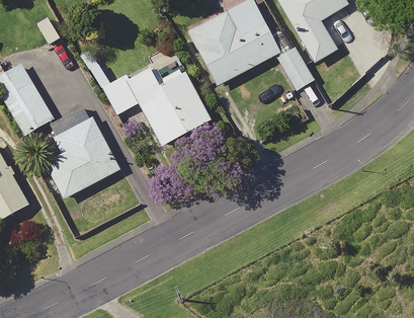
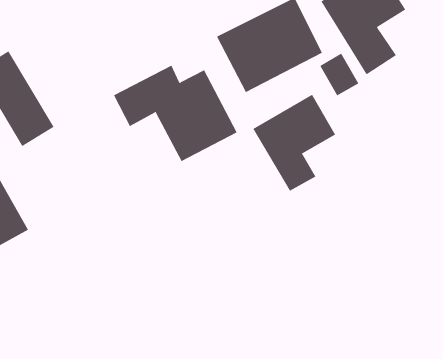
building: none -> [253,94,336,192]
building: [42,108,117,195] -> none

